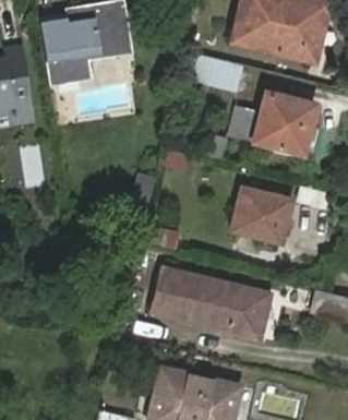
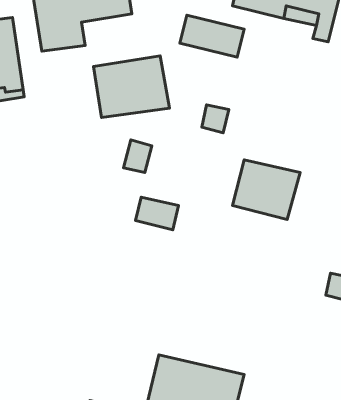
building: none -> [93,56,170,118]
building: [230,93,315,152] -> none
building: [153,271,265,337] -> none

